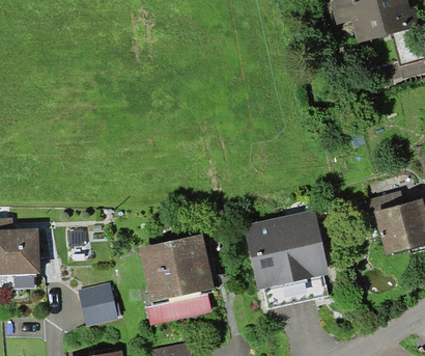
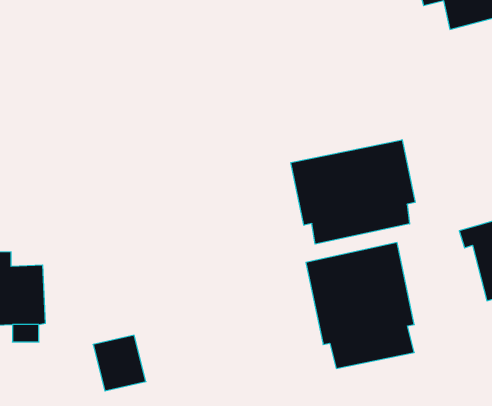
building: none -> [291,140,415,244]
building: [138,234,214,325] -> none

